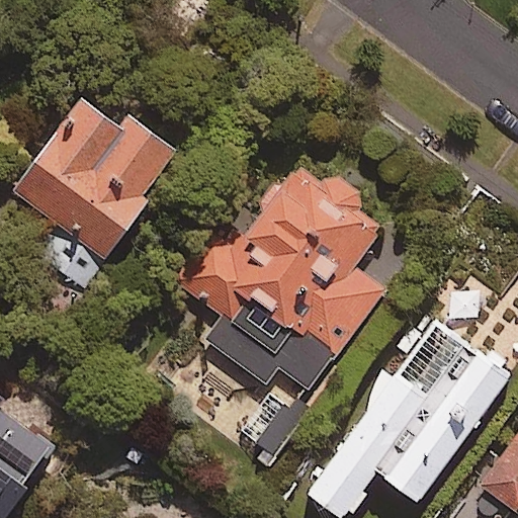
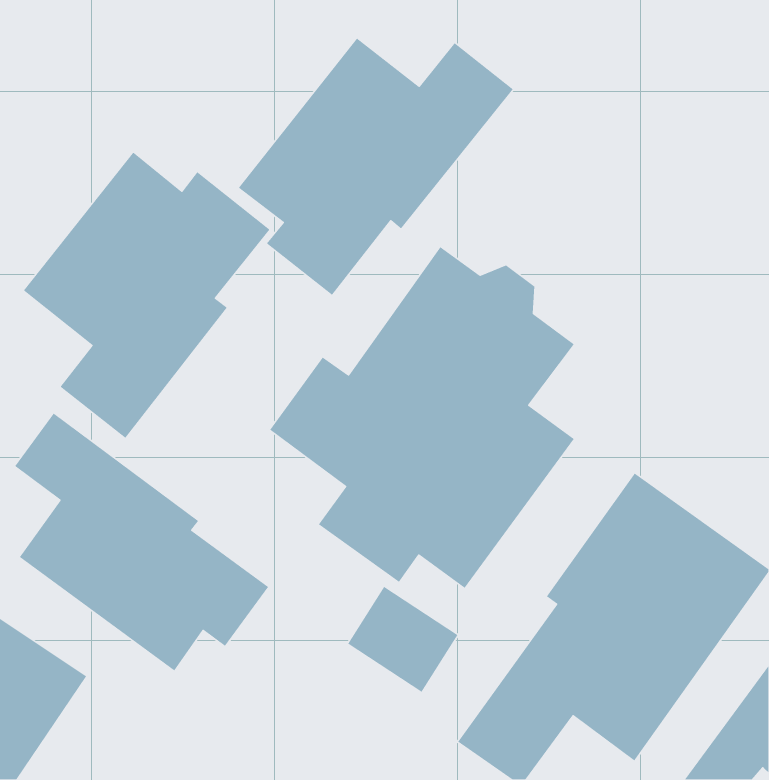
building: none -> [238,38,514,296]
building: none -> [14,413,269,671]

